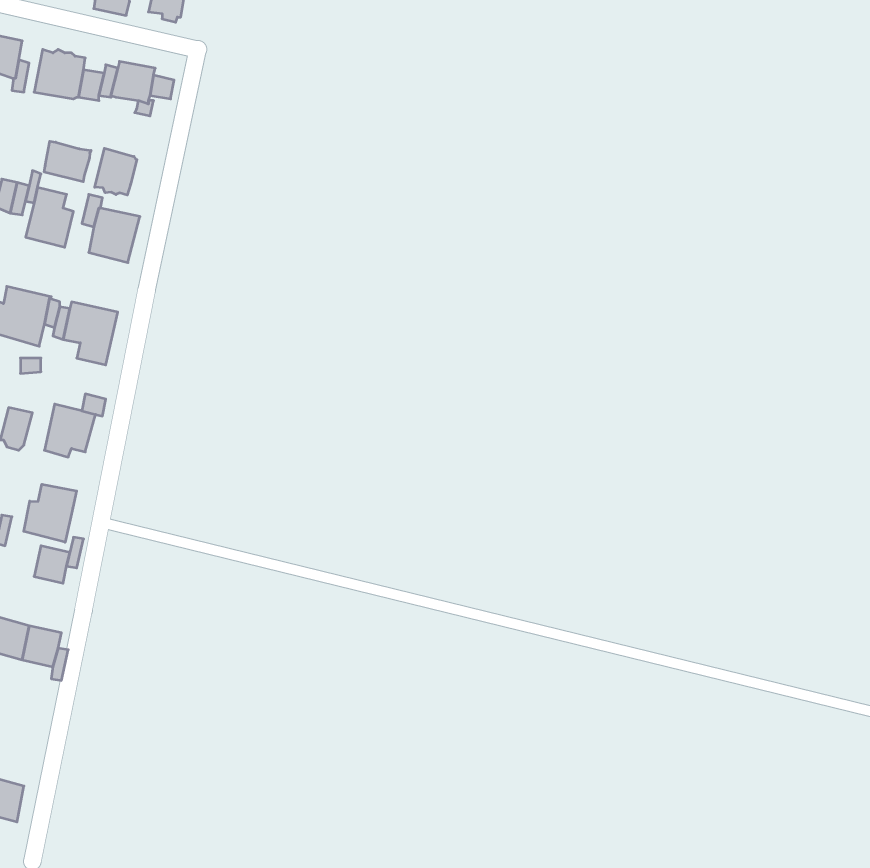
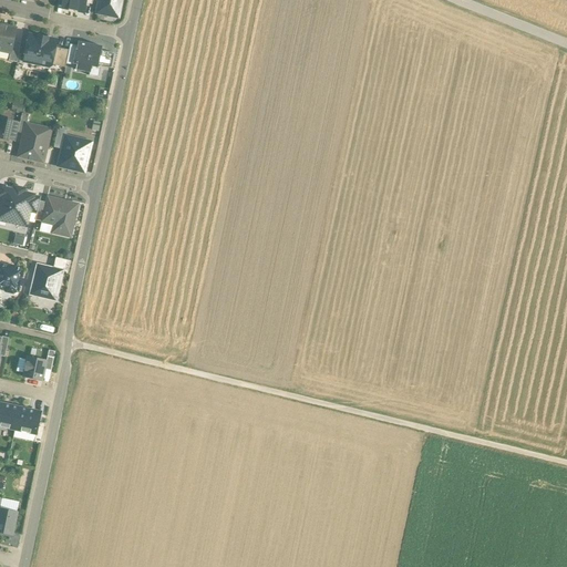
building: [44,141,91,182] -> none
building: [95,148,137,195] -> none
building: [24,484,77,542] -> none

